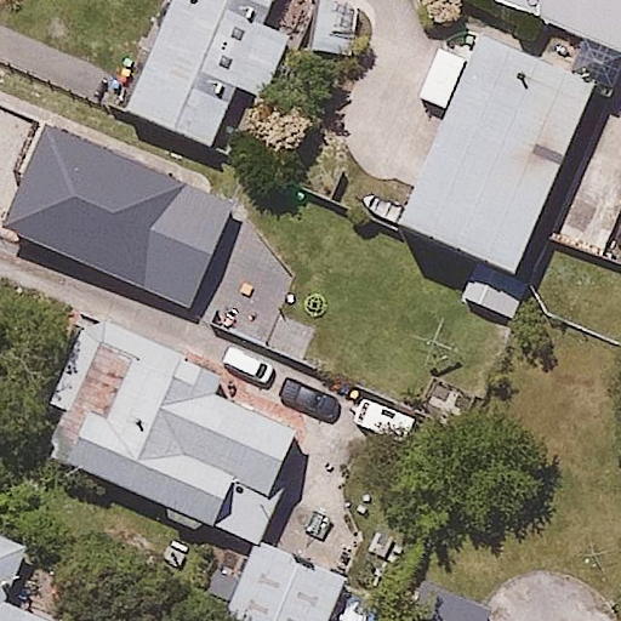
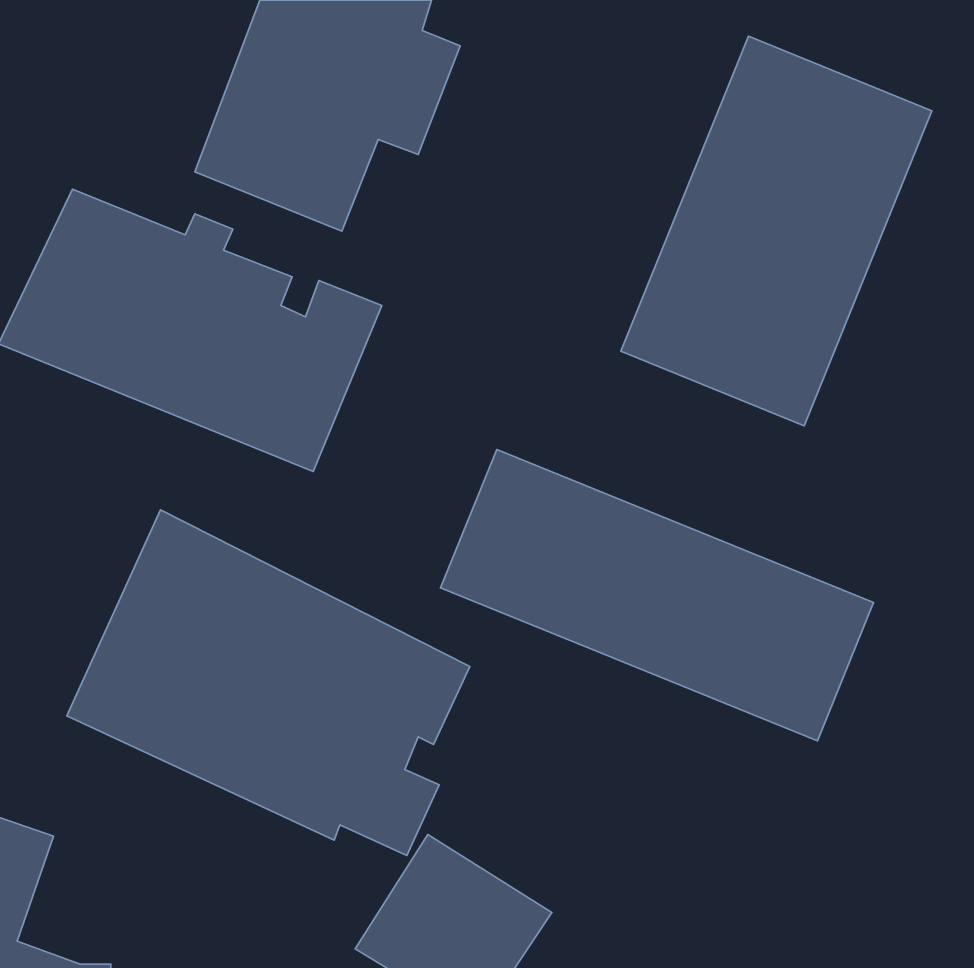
building: none -> [441,450,874,741]

